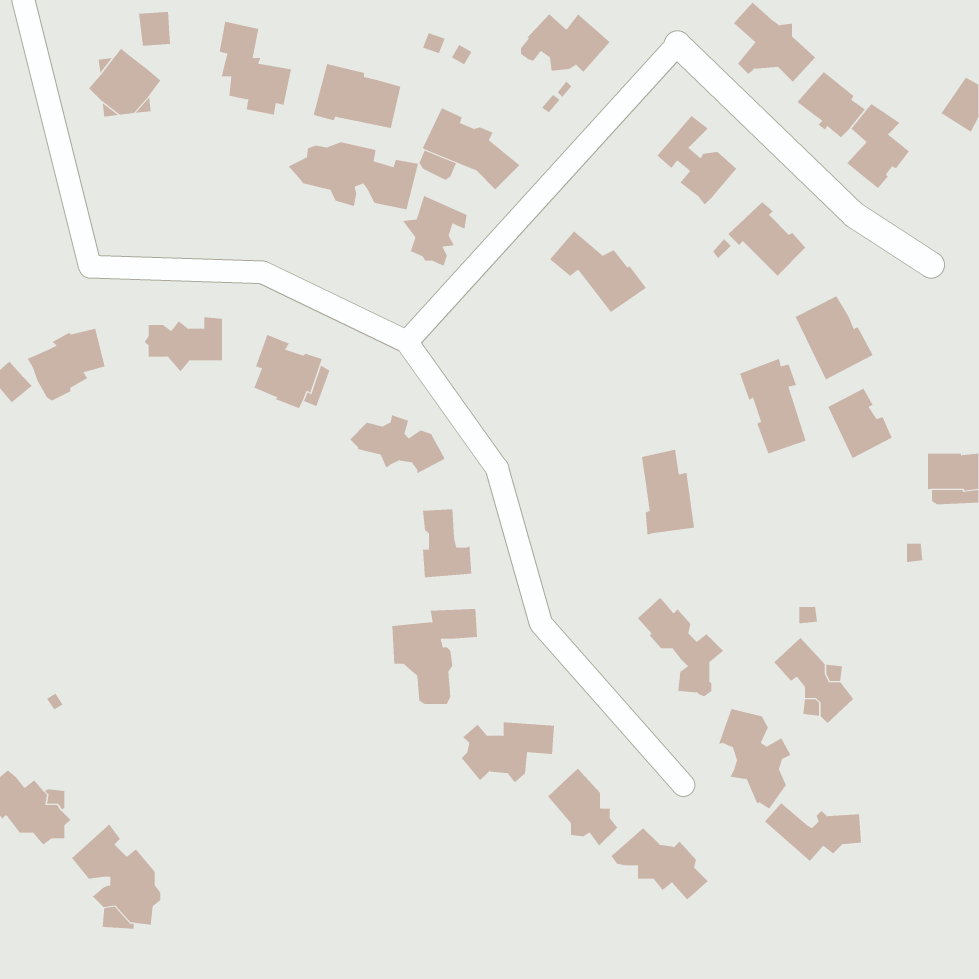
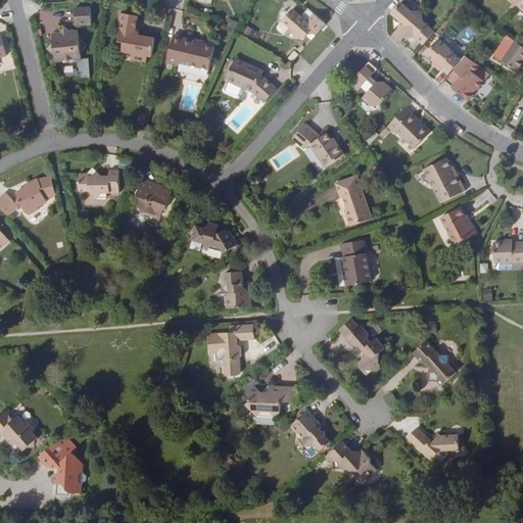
building: [288,142,418,210] -> none
building: [402,195,467,267] -> none
building: [739,358,806,454] -> [335,174,371,225]
building: [718,708,791,810] -> none

